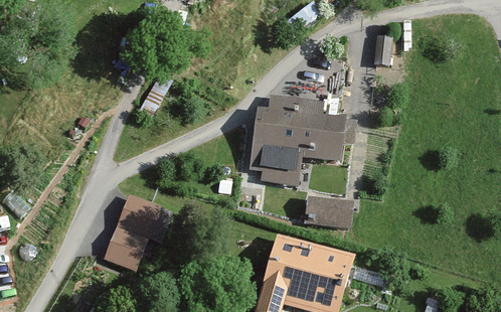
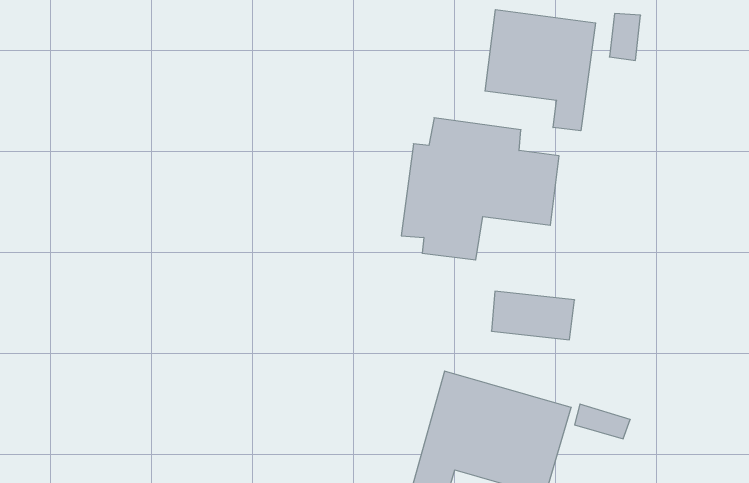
building: none -> [485,10,596,131]
building: [105,194,160,269] -> none

